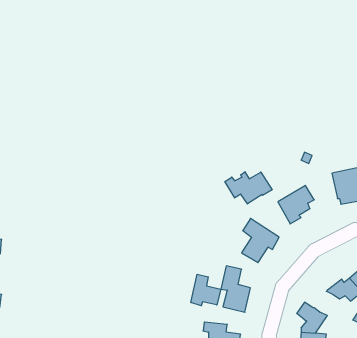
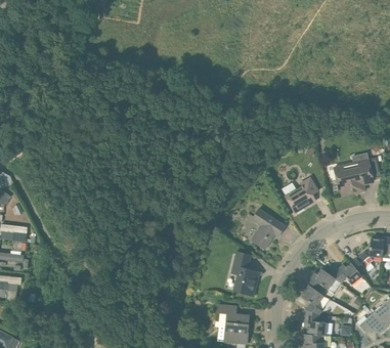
building: [225,172,272,204] -> none
building: [191,274,221,306] -> none
building: none -> [306,268,341,298]

